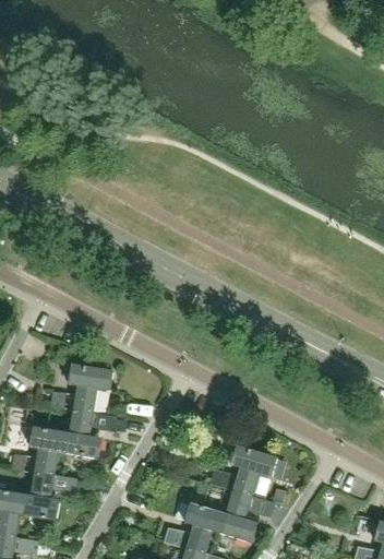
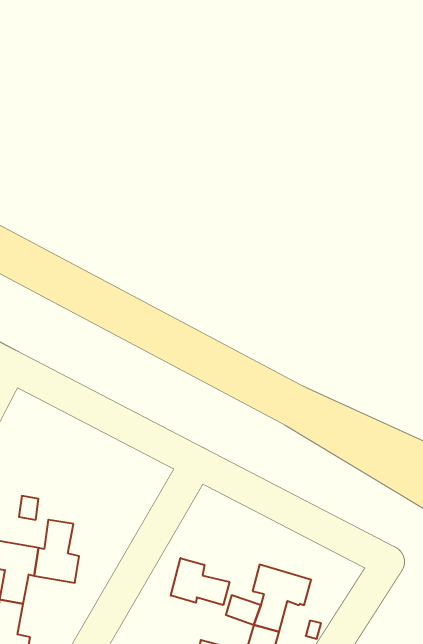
building: [68,362,111,412] -> none
building: none -> [171,558,229,605]

